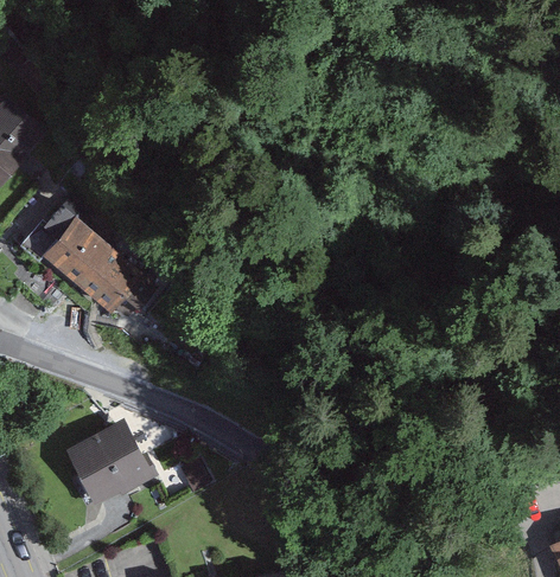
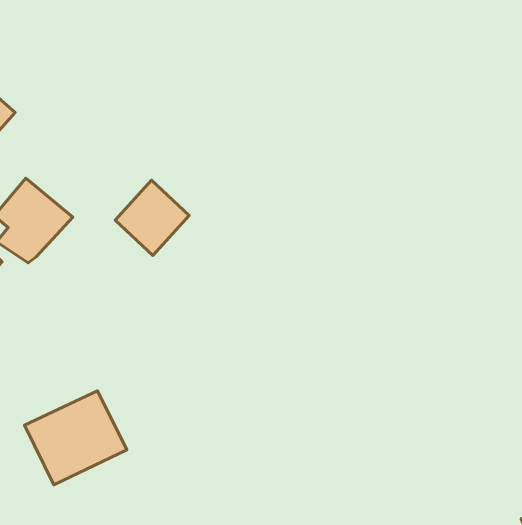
building: [68,241,142,316] -> [115,180,189,255]

